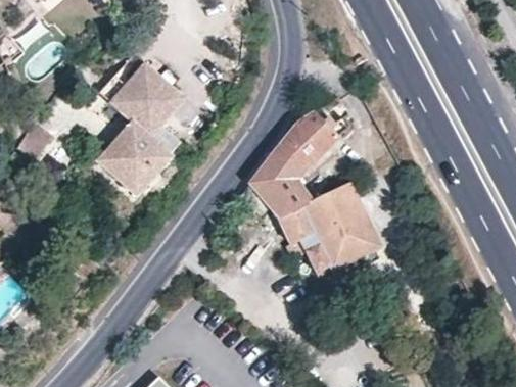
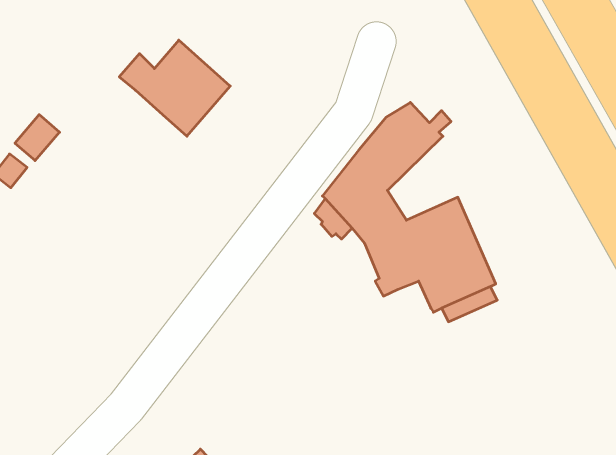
building: [96,123,169,195] -> none

